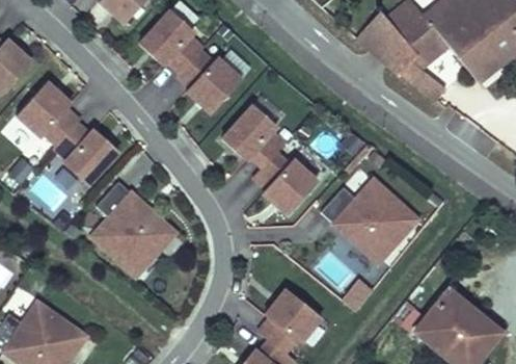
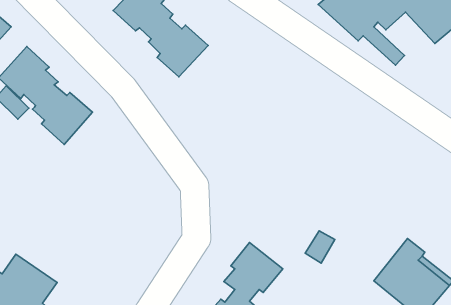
building: [223,105,317,215] -> none
building: [322,180,412,264] -> none
building: [86,181,176,271] -> none

